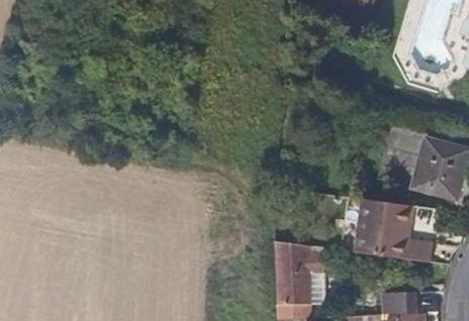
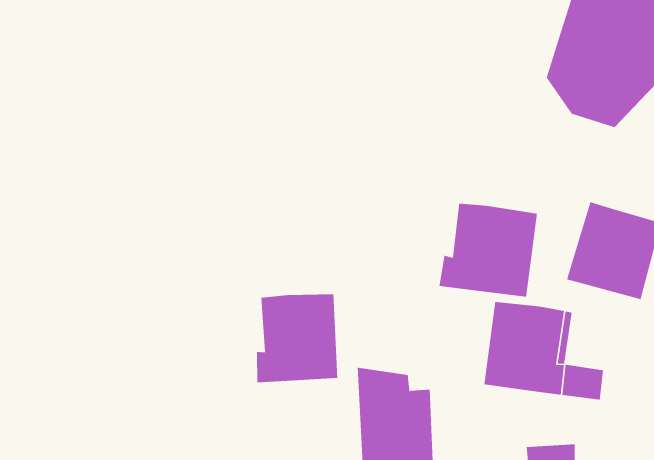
building: none -> [439,203,538,298]
building: none -> [256,293,338,383]

